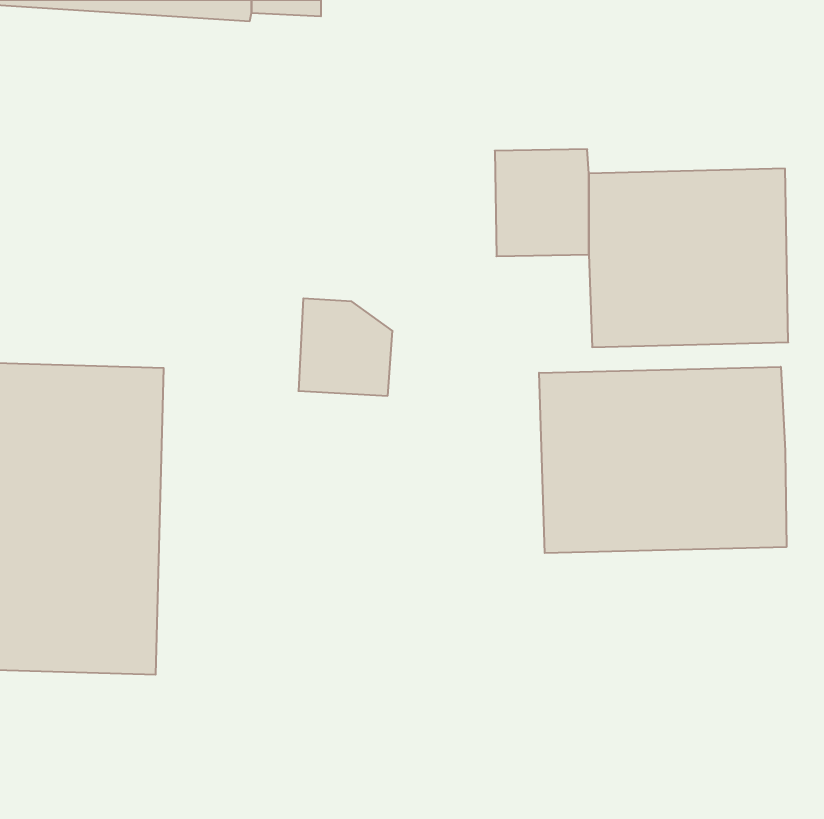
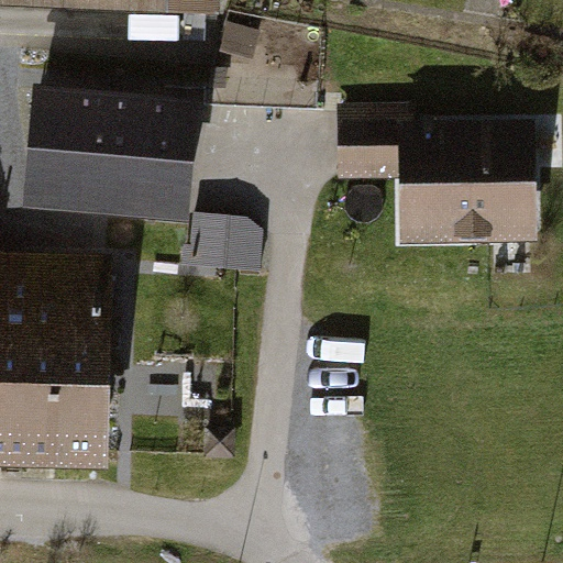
building: none -> [19,81,198,222]
building: [539,367,786,553] -> none

